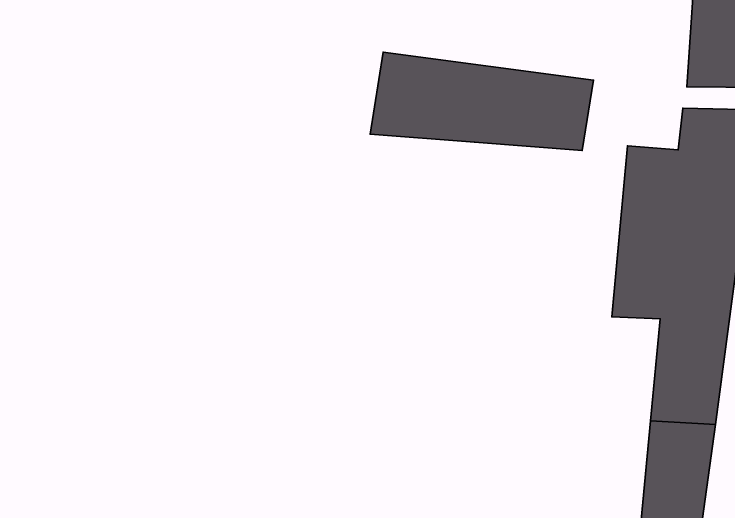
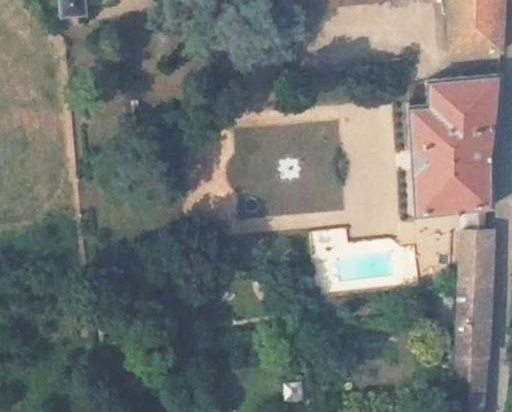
building: [370,52,594,150] -> none

